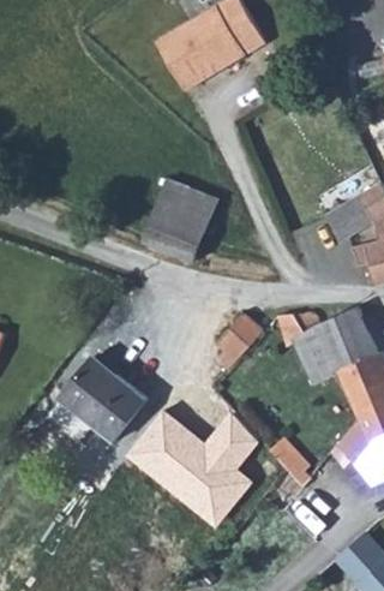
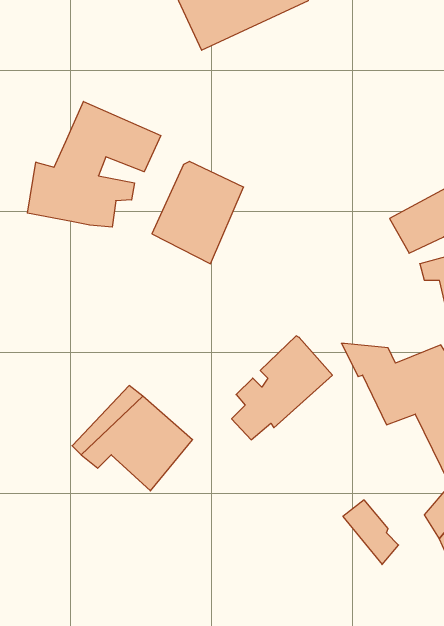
building: none -> [27,101,161,227]
building: [126,418,257,529] -> none

